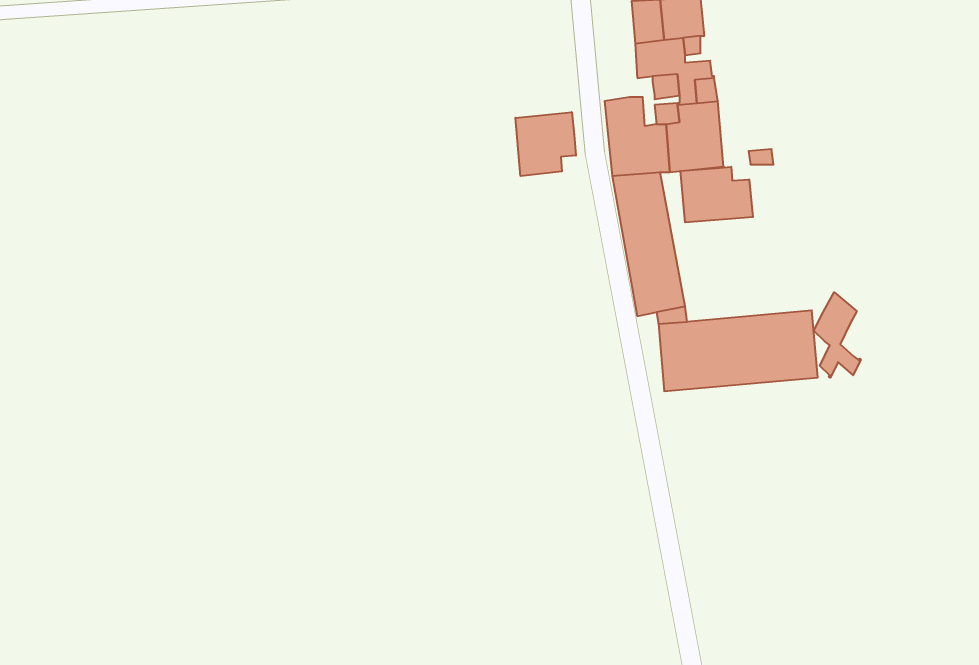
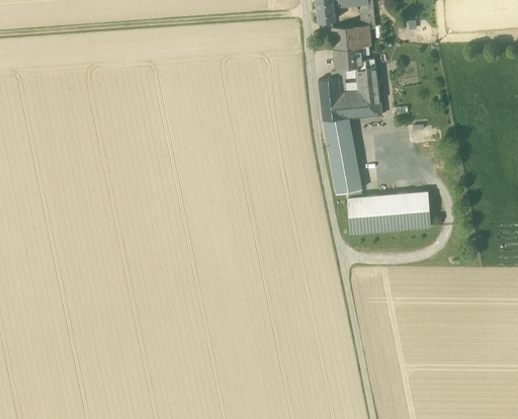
building: [515,112,576,176] -> none
building: [681,167,753,222] -> none
building: [814,292,861,378] -> none

